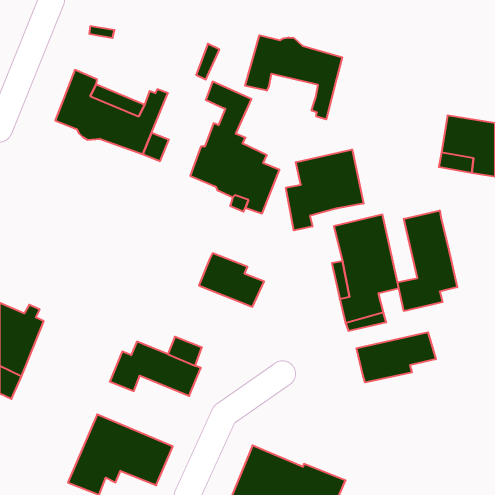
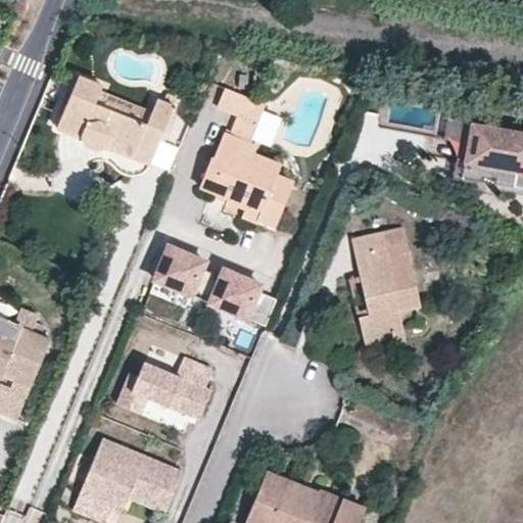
building: [245,35,342,119] -> none
building: [286,149,364,230] -> none
building: [398,210,457,311] -> none
building: none -> [153,244,221,301]
building: [357,332,436,382] -> none

